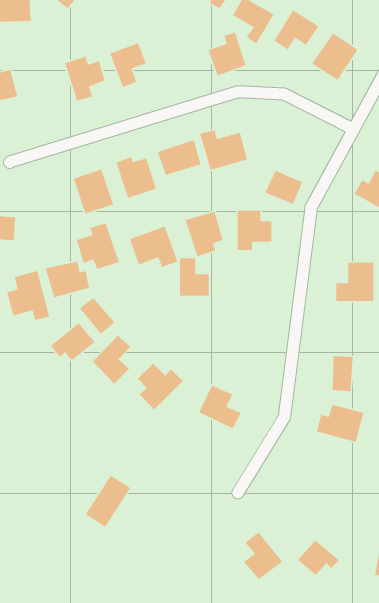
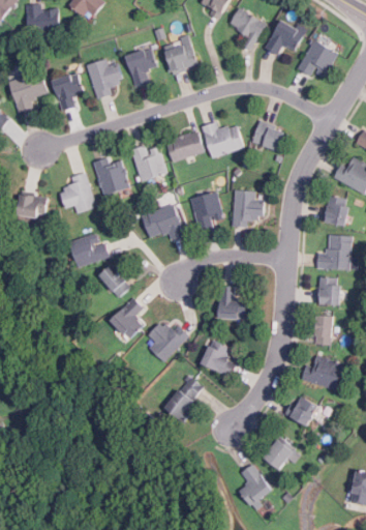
building: [208,31,246,76] -> [164,35,197,73]
building: none -> [53,72,83,111]
building: [264,170,303,205] -> [251,121,284,151]
building: none -> [324,195,348,226]
building: [76,222,120,270] -> [59,173,96,213]
building: [179,258,209,296] -> [220,286,246,319]
building: [6,270,50,321] -> none
building: none -> [316,276,340,305]
building: [50,322,95,361] -> none
building: none -> [288,395,317,424]
building: [85,475,131,528] -> [164,376,204,421]
building: [297,540,340,576] -> [264,439,300,470]

